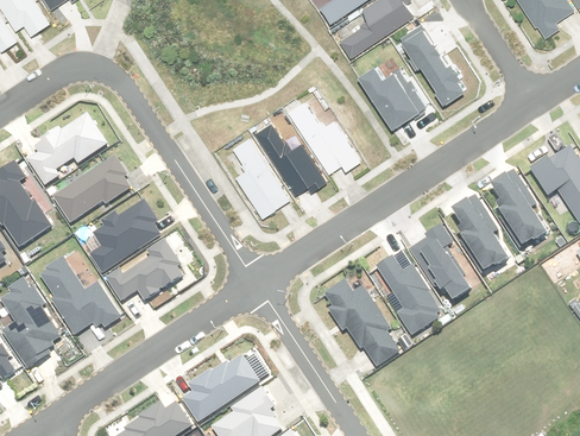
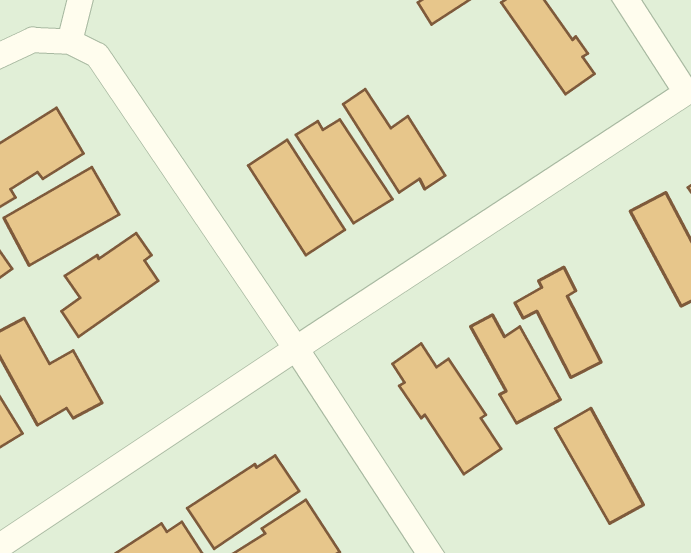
building: [361,65,424,125] -> none
building: [450,197,512,278] -> [555,408,643,523]
building: [109,241,183,302] -> none

